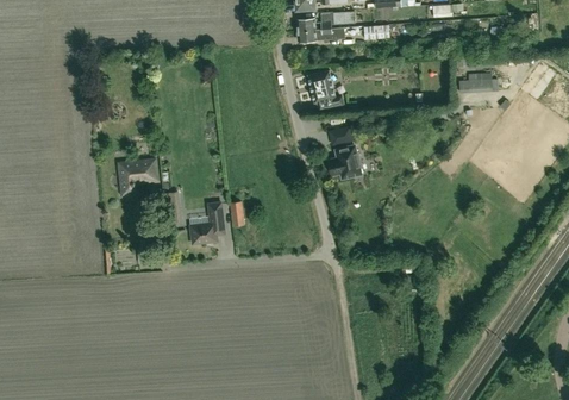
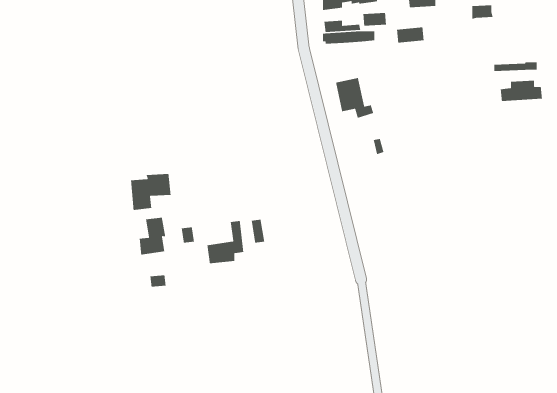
building: [329,146,362,177] -> none
building: none -> [139,217,166,256]

